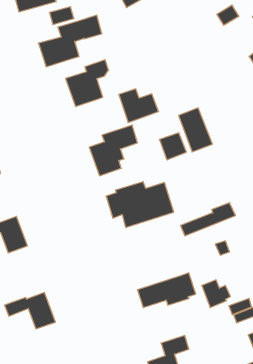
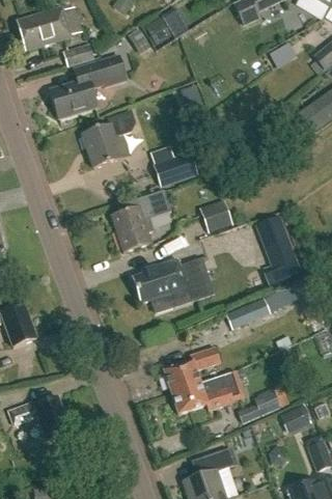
building: [179,108,212,152] -> [255,216,297,270]
building: none -> [164,348,234,392]

